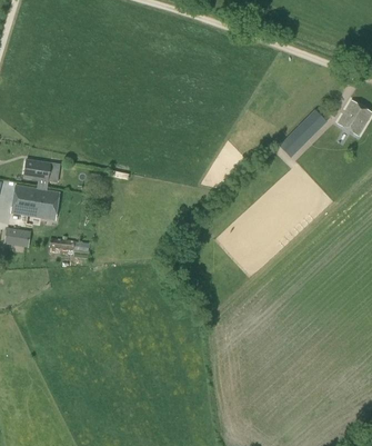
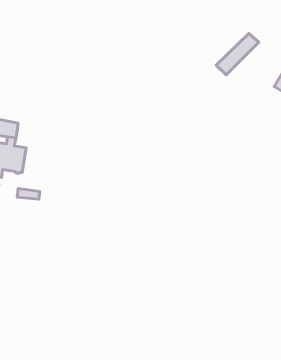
building: [279,109,326,156] -> [216,33,259,75]

